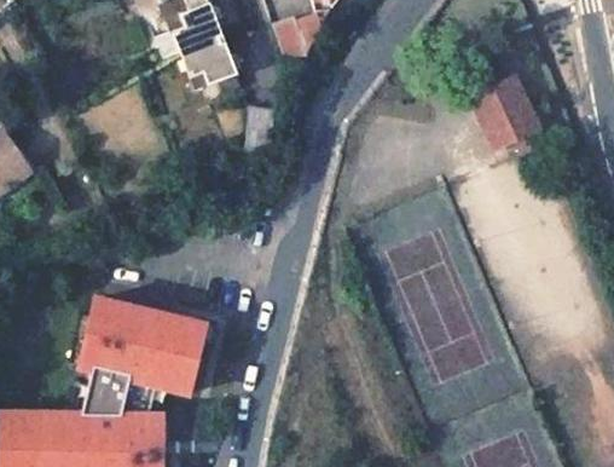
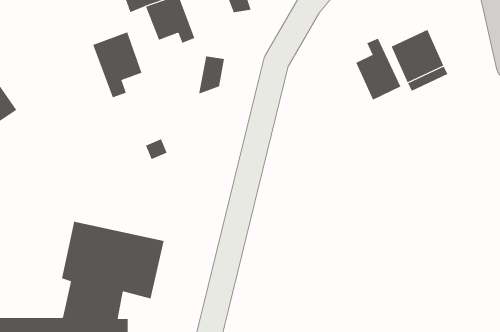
building: none -> [93,31,142,98]
building: none -> [355,38,401,101]

